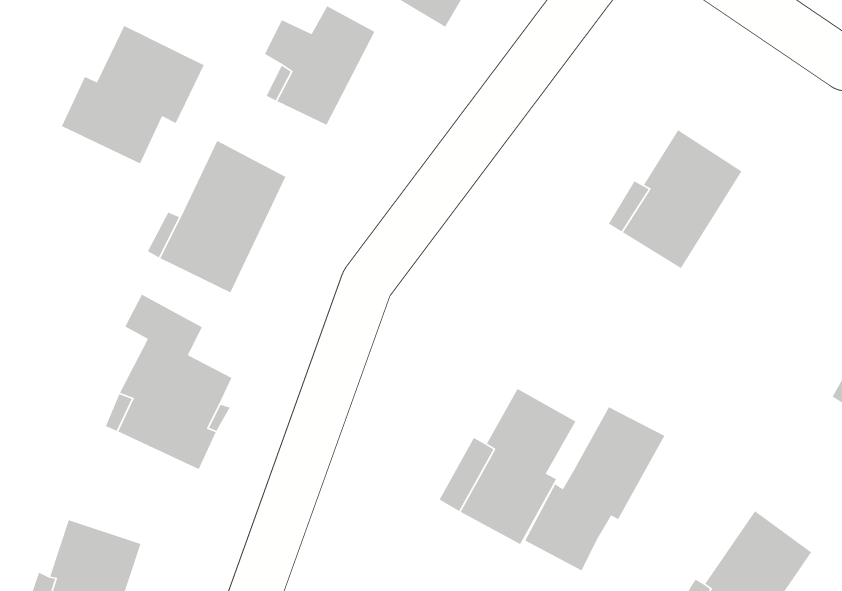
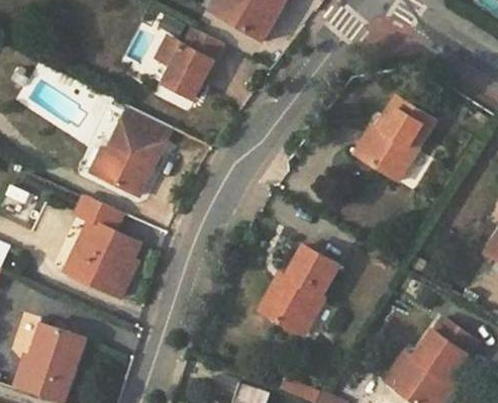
building: [61,25,205,165] -> none
building: [524,406,665,572] -> none

